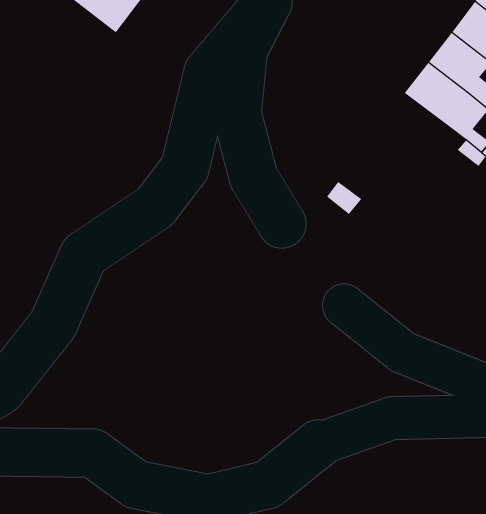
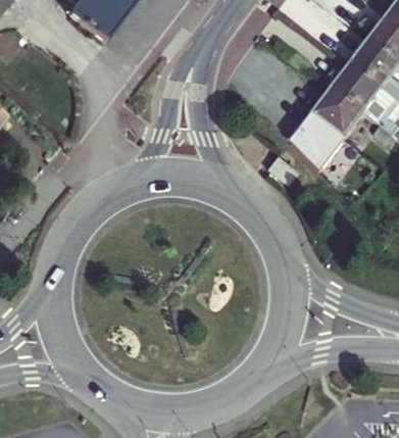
building: none -> [291,86,364,168]

